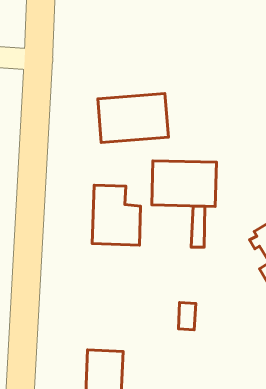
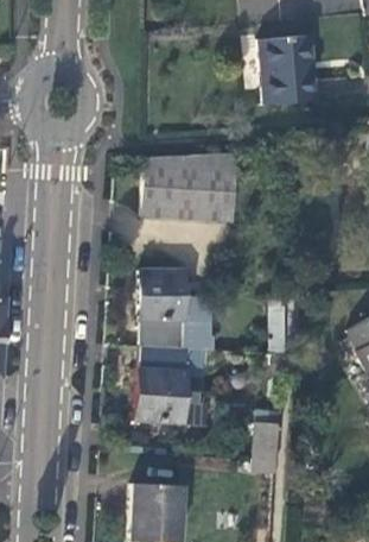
building: none -> [260,36,316,105]
building: [152,161,216,206] -> none
building: none -> [133,347,199,423]

